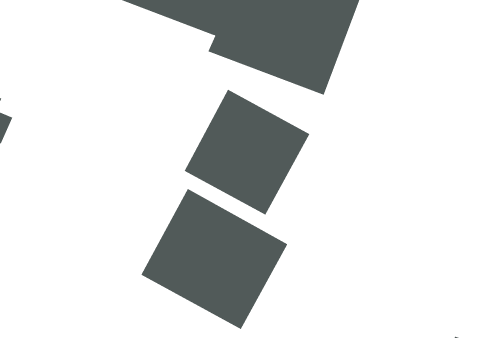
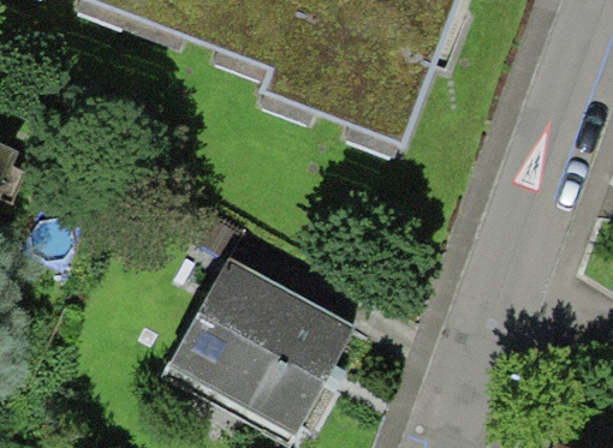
building: [184,89,310,215] -> none

